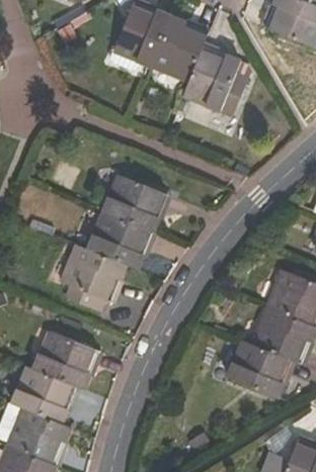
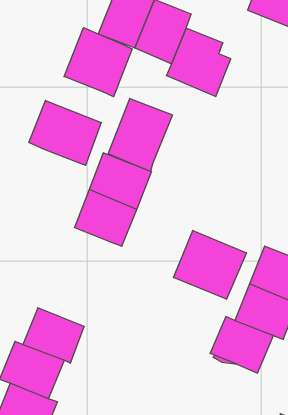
building: none -> [64,28,132,97]
building: none -> [108,98,173,171]
building: none -> [29,100,101,165]
building: [60,244,125,310] -> none
building: none -> [174,230,246,299]

